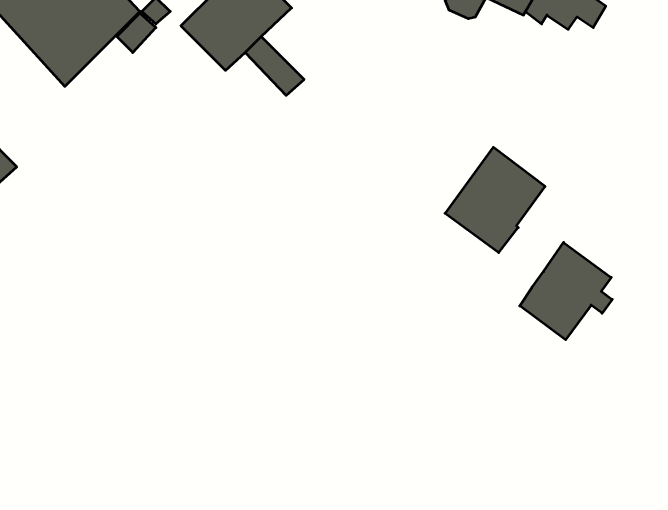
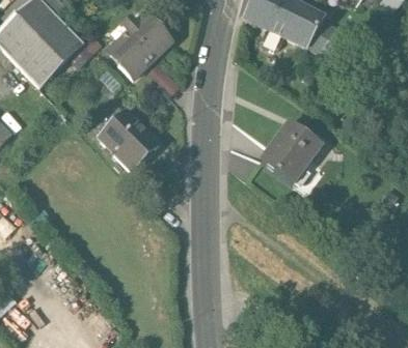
building: none -> [99,107,161,170]
building: [520,242,612,340] -> none

